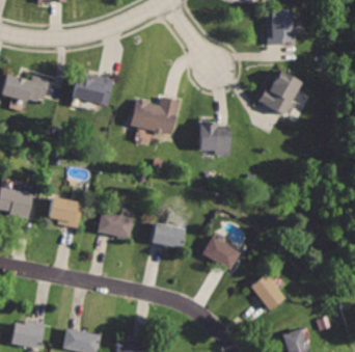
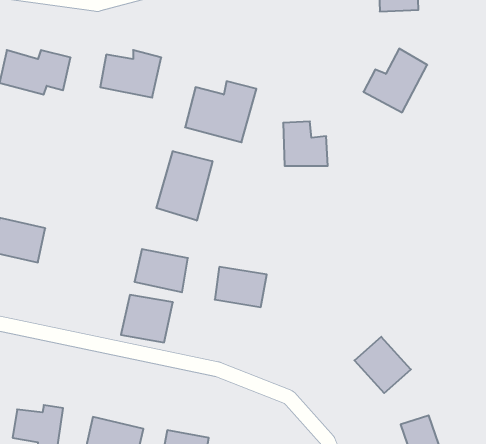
building: none -> [156,151,212,221]
building: [47,195,83,228] -> [121,295,173,342]
building: [199,236,242,275] -> none

